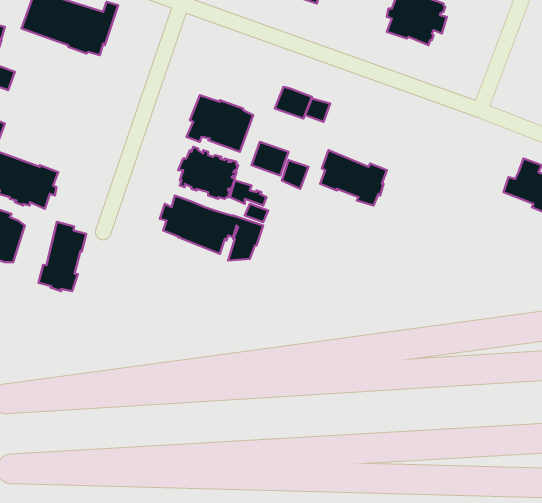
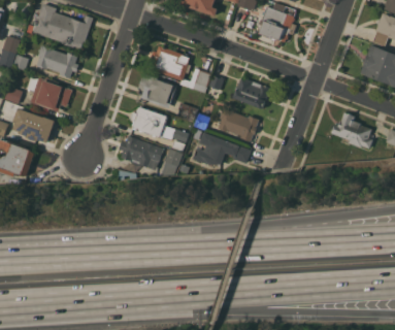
building: none -> [36,45,78,78]
building: none -> [150,45,190,81]
building: none -> [30,77,72,114]
building: none -> [233,77,270,109]
building: none -> [193,133,252,165]
building: [39,222,86,291] -> none

